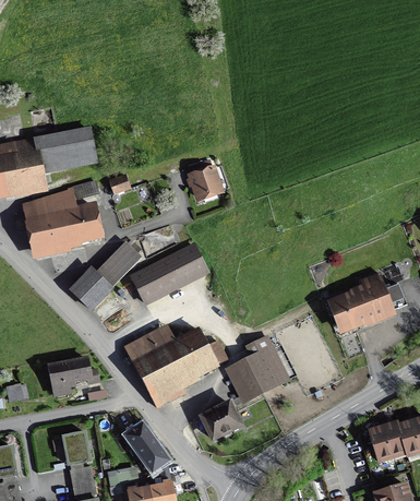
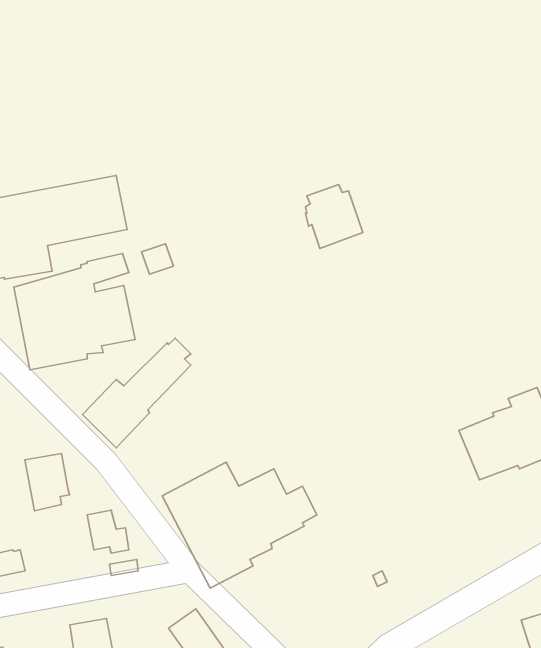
building: [187,158,226,202] -> [305,185,363,248]
building: [129,241,211,306] -> none
building: [225,333,291,404] -> none
building: [47,358,77,397] -> [25,453,70,511]
building: [199,398,244,442] -> none

